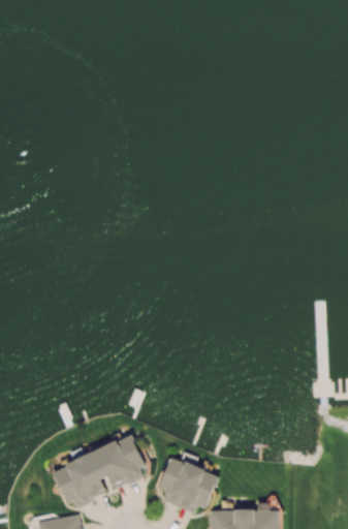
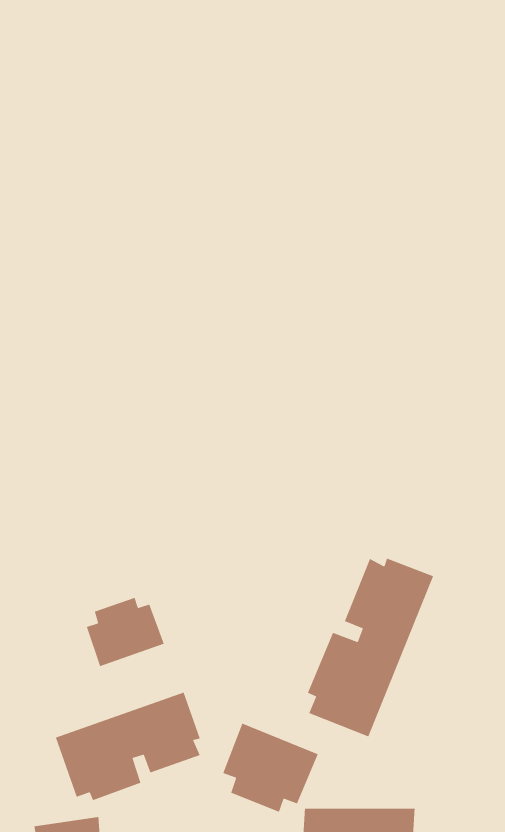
building: none -> [307,557,434,738]
building: none -> [86,597,165,667]

